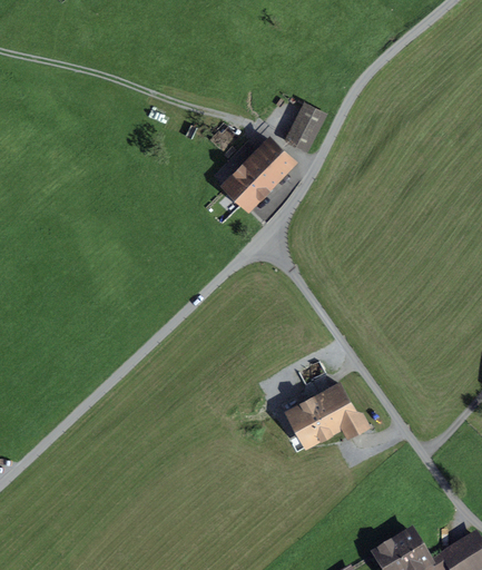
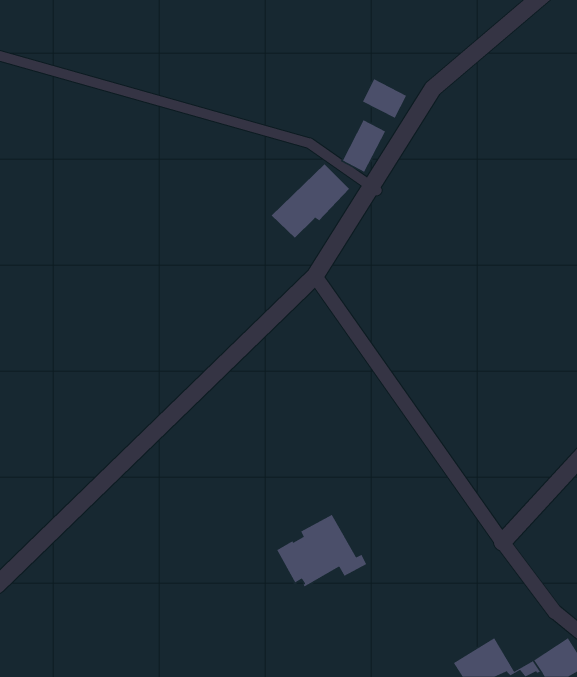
building: none -> [362,78,407,119]
building: [289,383,365,444] -> [276,514,367,587]

